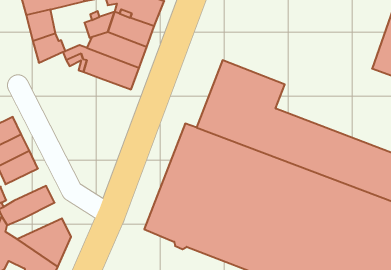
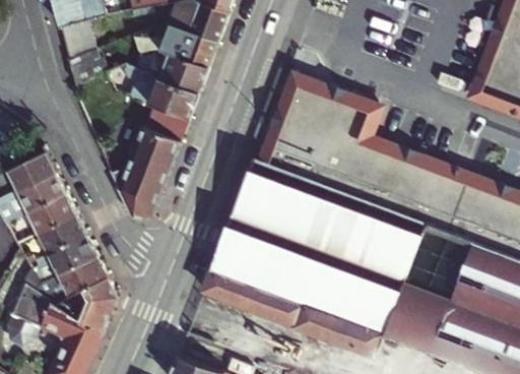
building: none -> [113,103,189,220]
building: none -> [36,212,85,252]
building: none -> [36,254,105,299]

